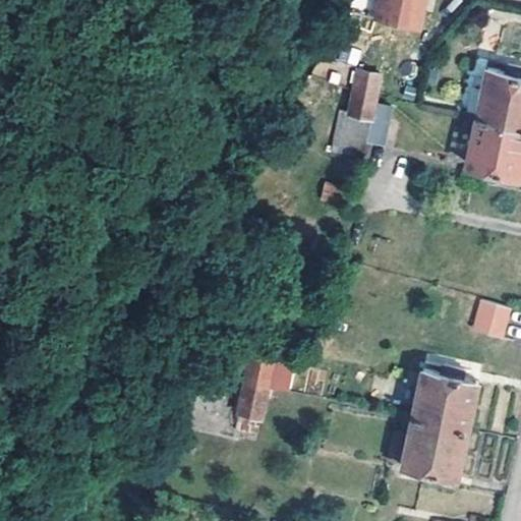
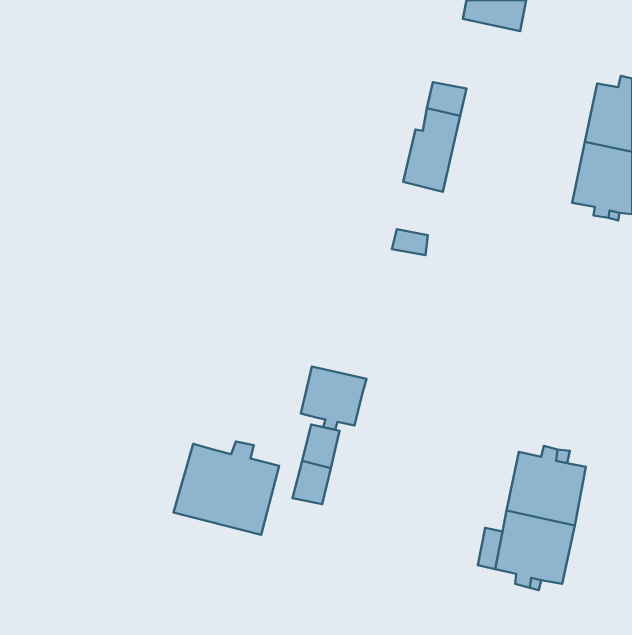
building: [472,299,511,339] -> none
building: none -> [301,366,366,430]
building: none -> [174,441,279,535]

